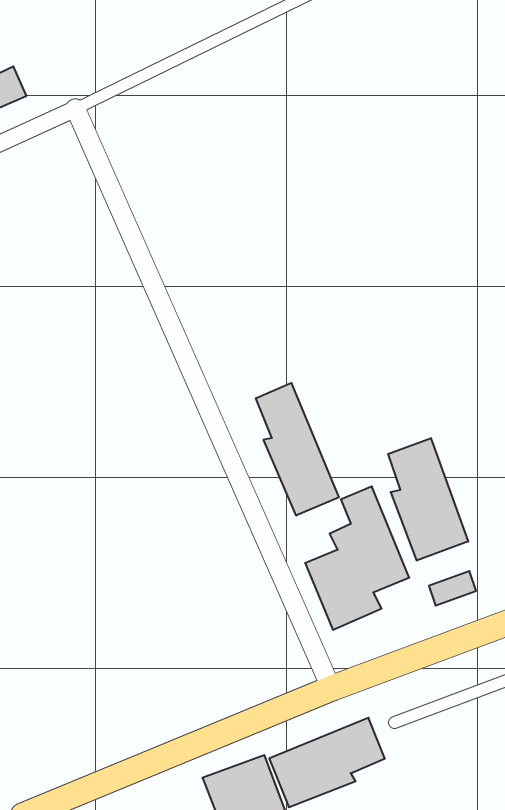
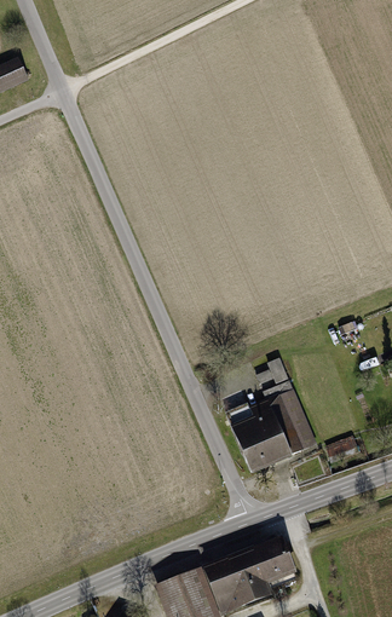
building: [256,383,339,516] -> none
building: [388,438,468,561] -> none

